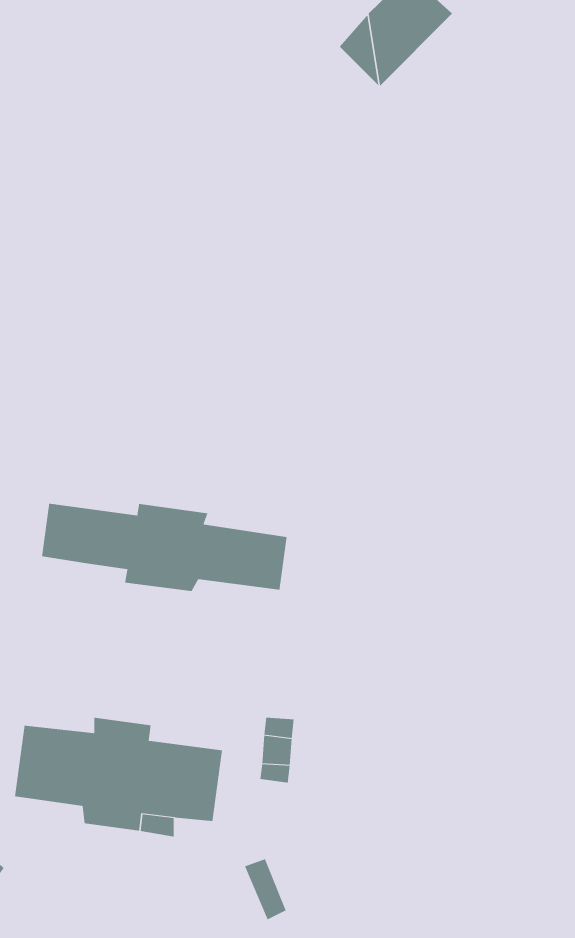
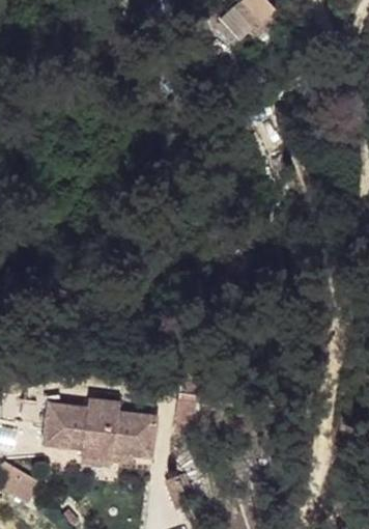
building: [42,503,287,592] -> none

